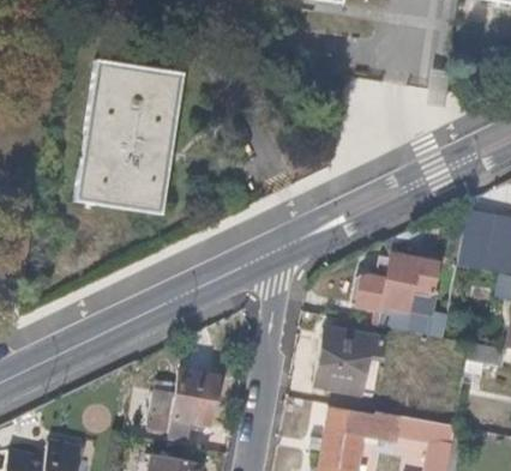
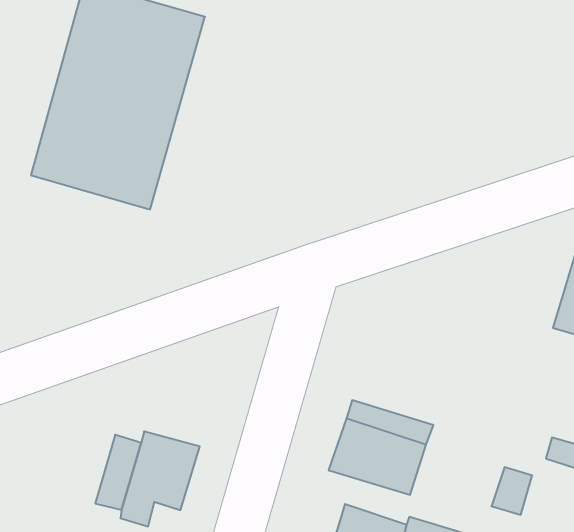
building: [367,254,446,339] -> none

